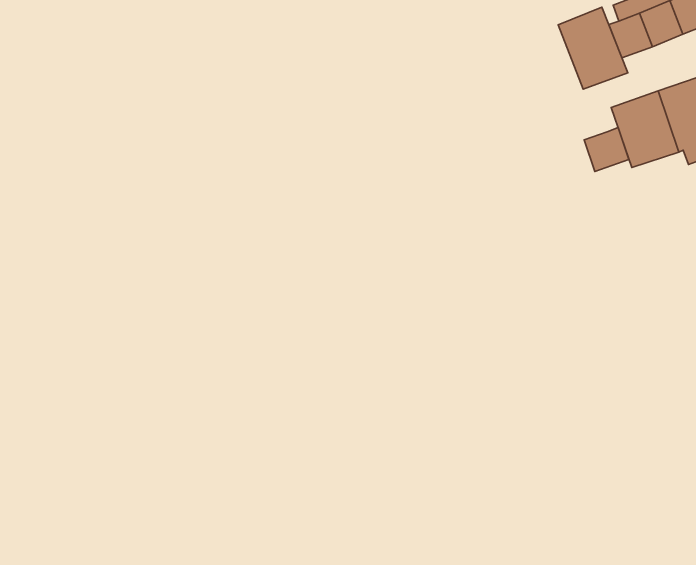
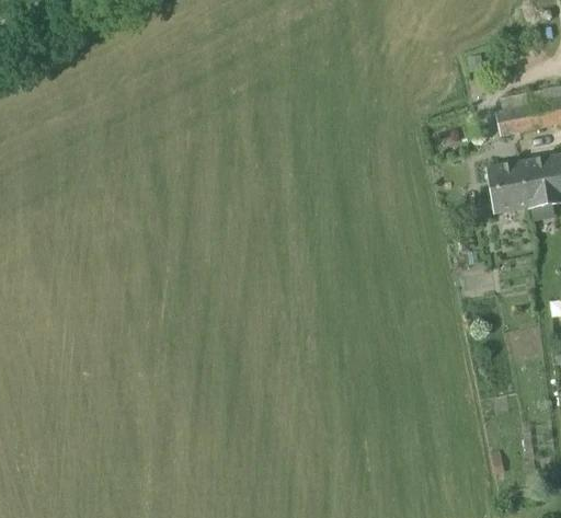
building: [558,7,628,89] -> none
building: [584,127,629,172] -> none

